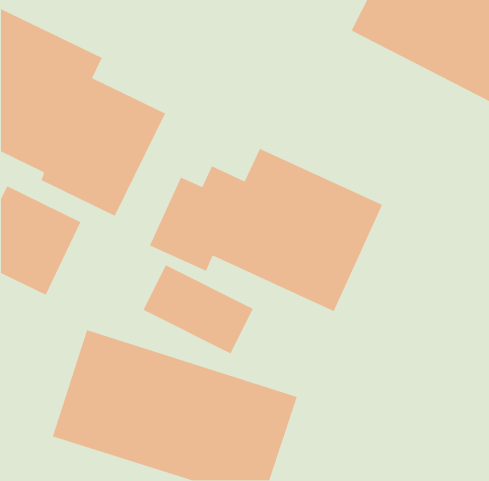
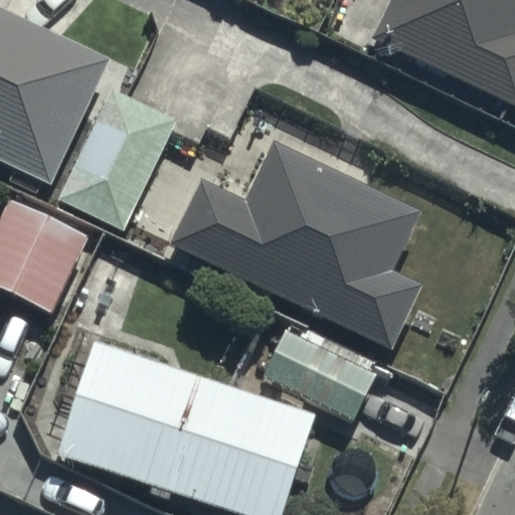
building: [143,264,254,354] -> [260,326,376,420]

